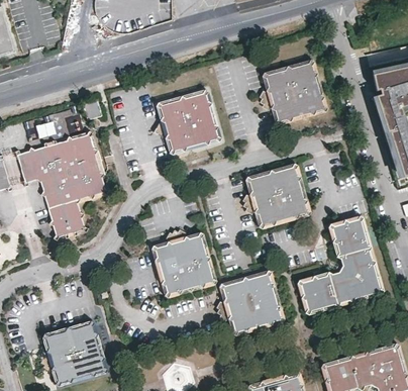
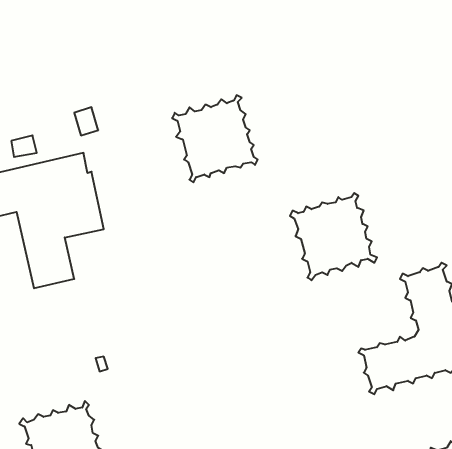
building: [263,60,327,124] -> none
building: [151,231,216,297] -> none
building: [218,270,284,335] -> none

